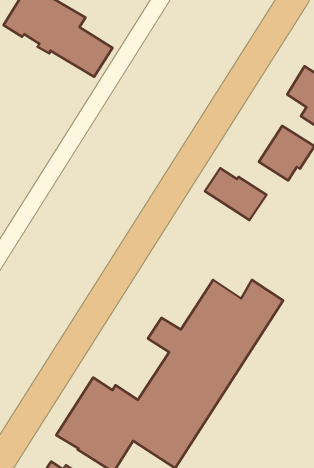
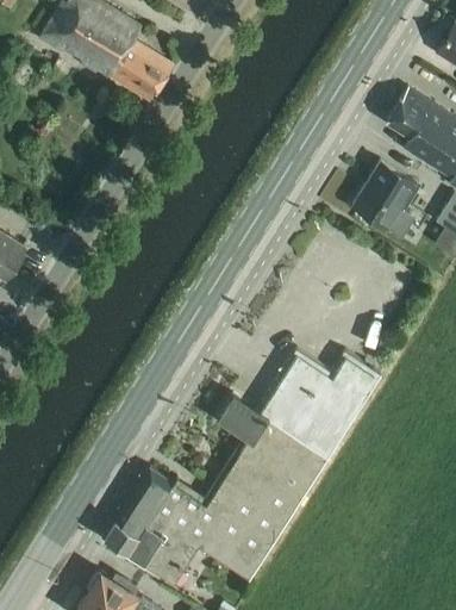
building: [205,168,266,220] -> none

